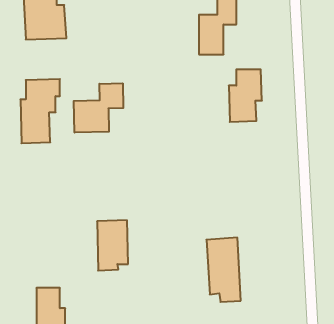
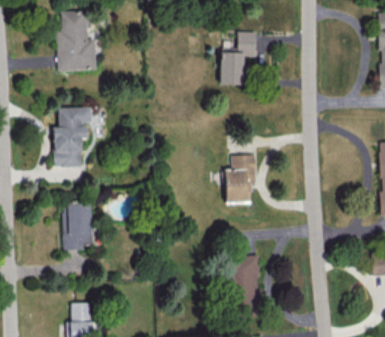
building: [229,69,262,122] -> [225,154,256,203]
building: [74,83,123,133] -> none
building: [97,220,128,271] -> [63,203,92,250]

